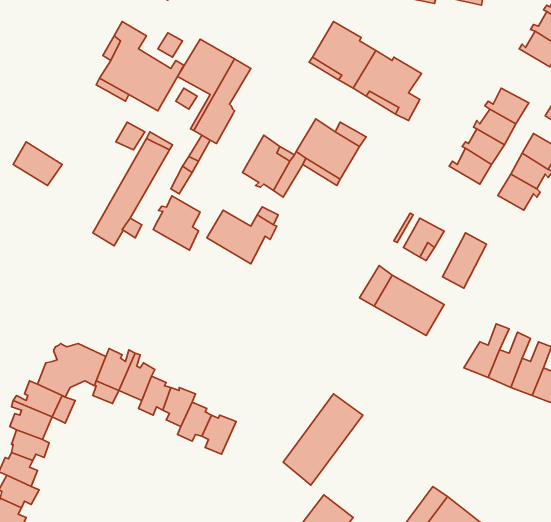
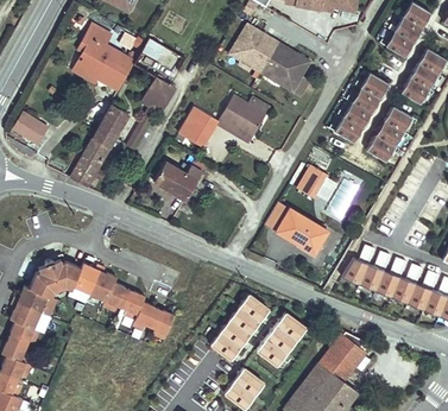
building: [153,196,200,250] -> none
building: none -> [257,315,307,367]
building: none -> [328,331,371,372]

